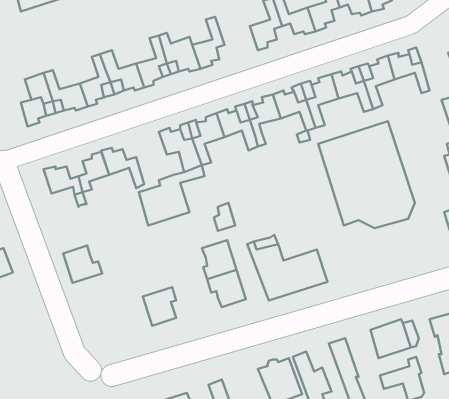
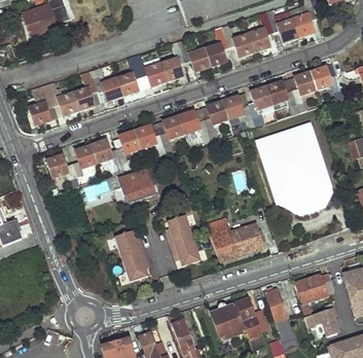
building: none -> [178,38,211,69]
building: none -> [117,130,141,170]
building: none -> [277,184,333,213]
building: [63,245,102,283] -> [115,227,145,256]

